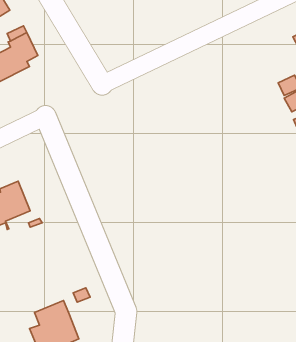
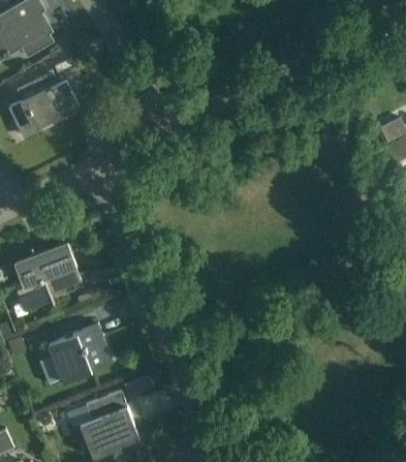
building: none -> [49,325,112,381]

